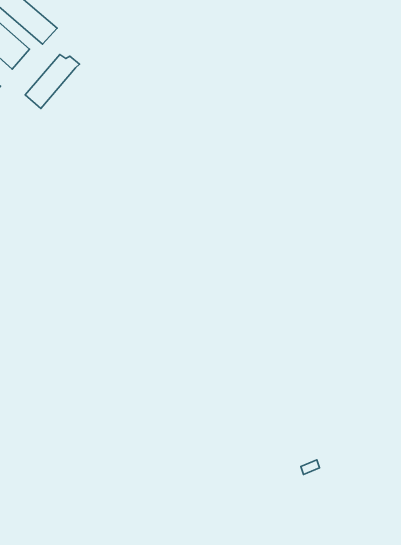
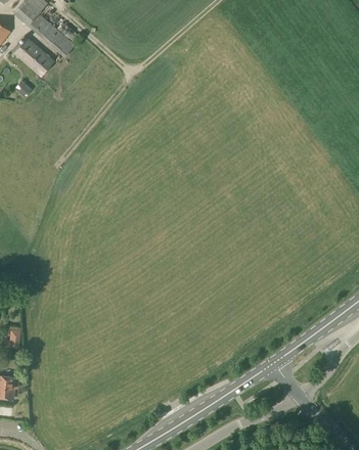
building: [25,54,80,109] -> none

